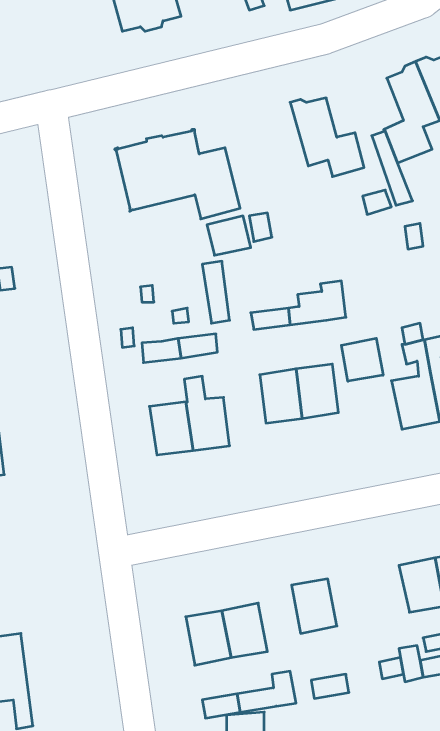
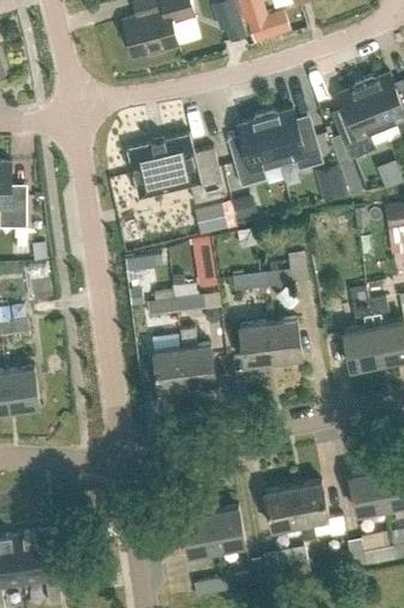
building: none -> [232,112,277,187]
building: [341,338,383,381] -> none
building: none -> [292,481,328,540]

